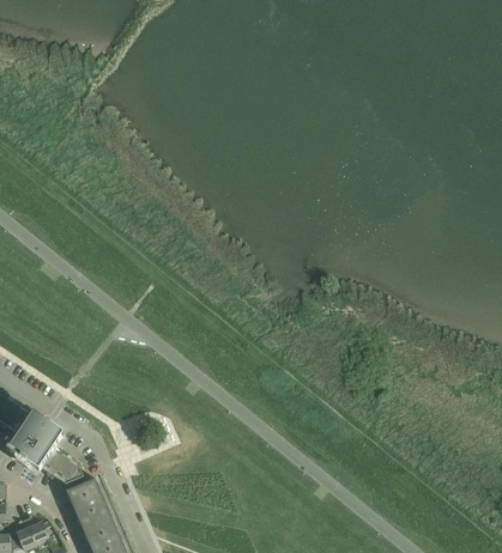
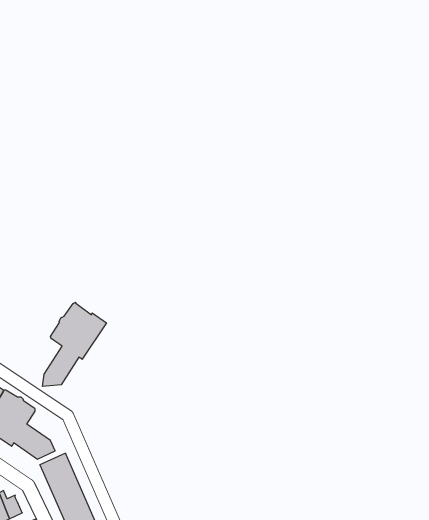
building: none -> [43,302,106,386]

